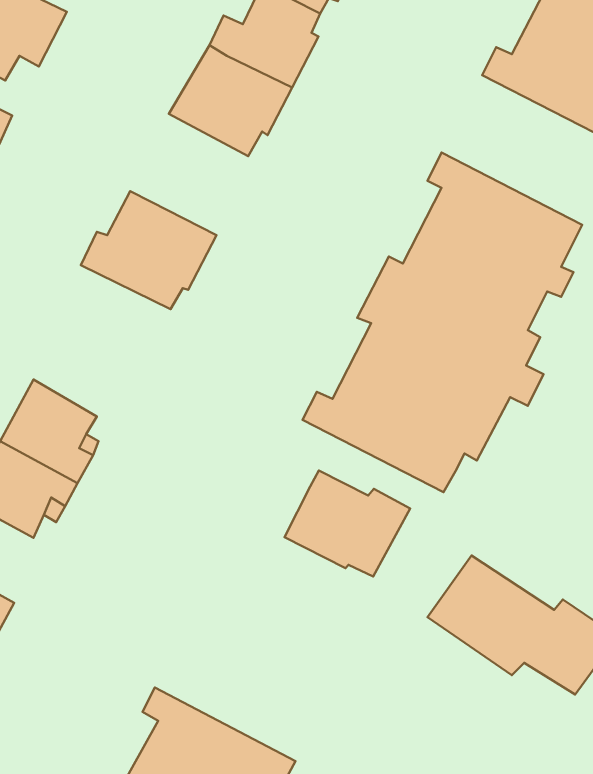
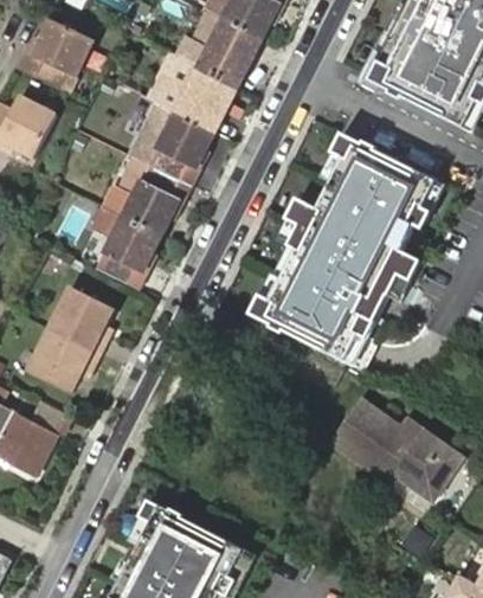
building: none -> [142,107,213,188]
building: none -> [90,208,161,291]
building: [284,471,410,576] -> none

